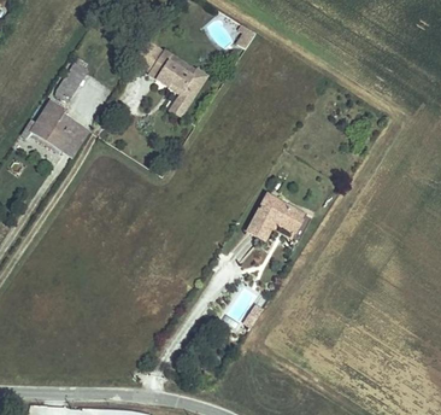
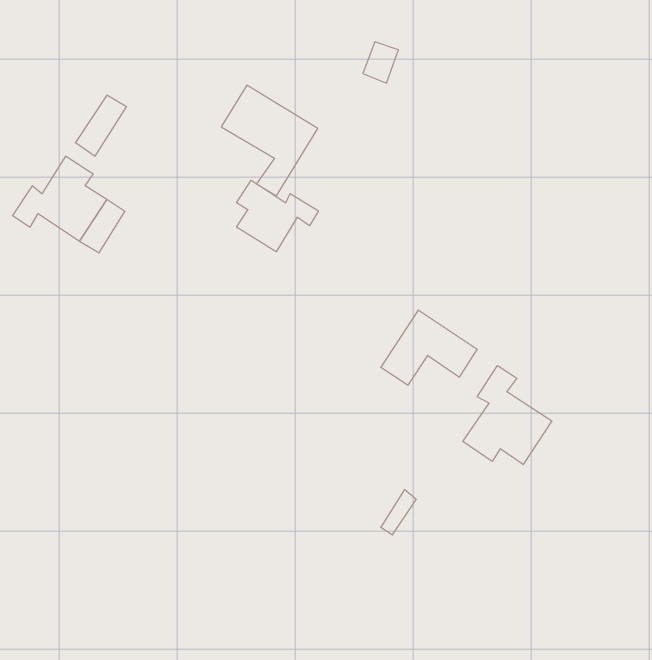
building: none -> [237,180,318,252]
building: none -> [463,366,552,465]

